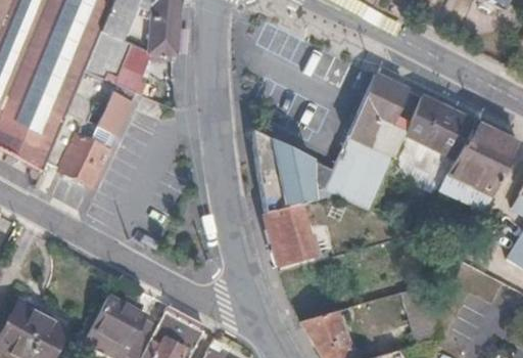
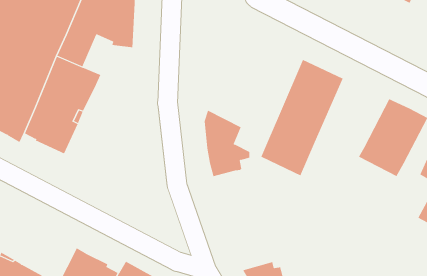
building: [388,96,474,178] -> none
building: [265,204,321,265] -> none

